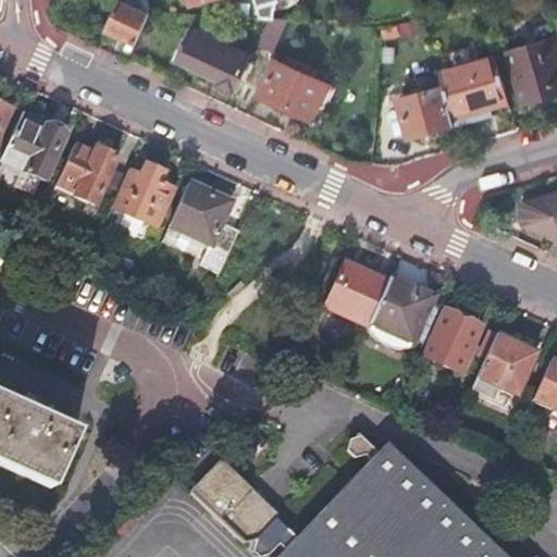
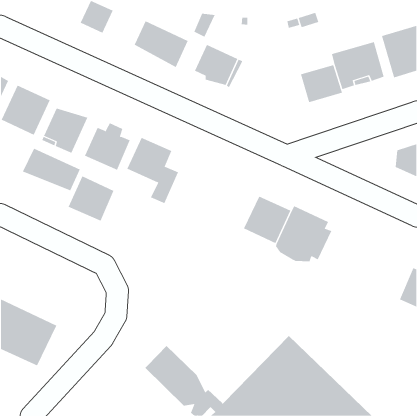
building: none -> [22,148,81,191]
building: none -> [68,176,114,221]
building: [421,308,482,371] -> none
building: [476,333,537,395] -> none

